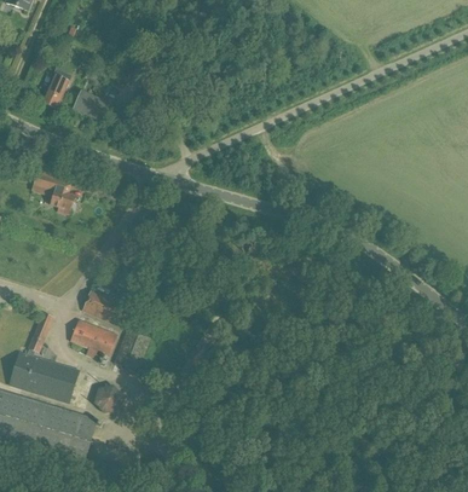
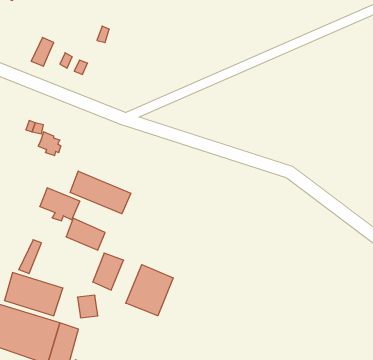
building: none -> [70,171,131,214]
building: [70,319,117,358] -> [40,188,80,221]
building: none -> [126,265,173,316]

